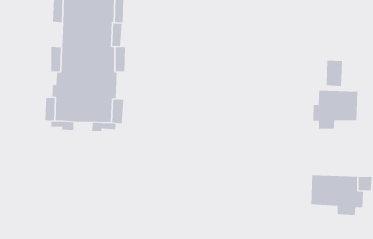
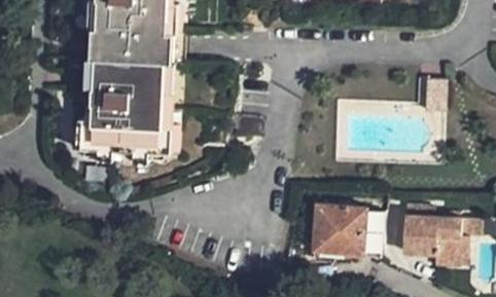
building: [313,90,358,130] -> none
building: none -> [313,196,382,255]

